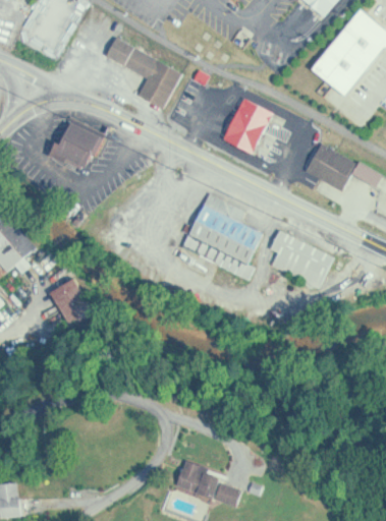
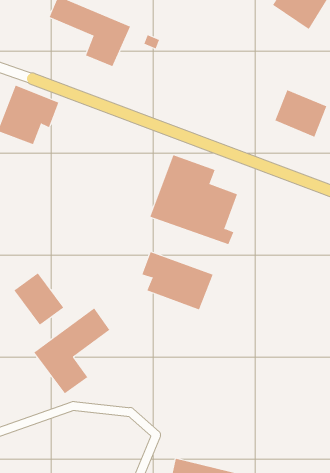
building: [221,102,271,159] -> none
building: [269,226,335,285] -> [142,251,214,310]
building: none -> [33,308,110,394]

